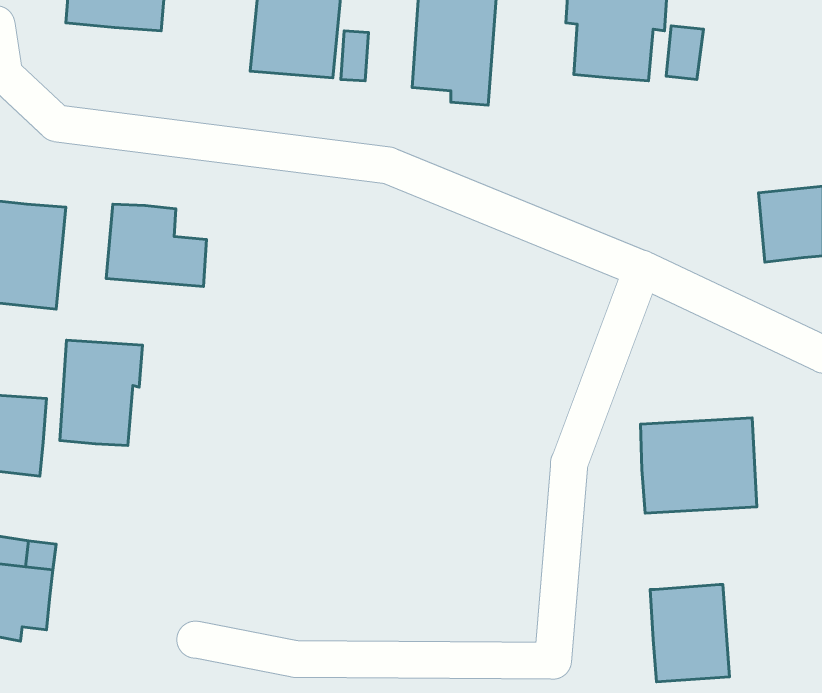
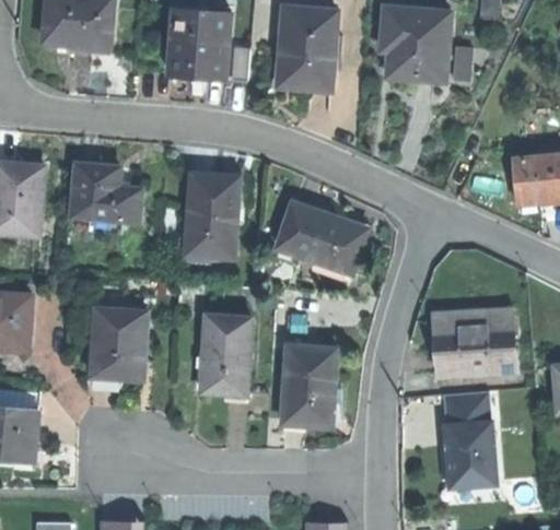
building: none -> [185,174,240,258]
building: none -> [278,198,369,270]
building: [60,340,142,446] -> [91,308,147,379]
building: none -> [199,316,248,394]
building: none -> [281,348,336,427]
building: none -> [441,391,487,425]

